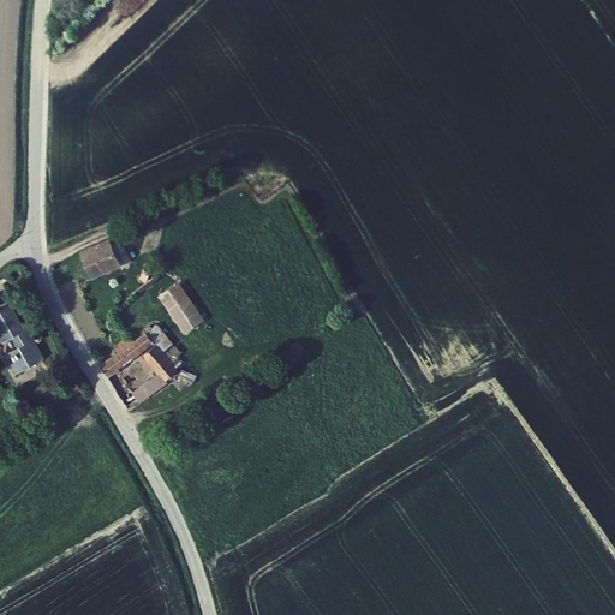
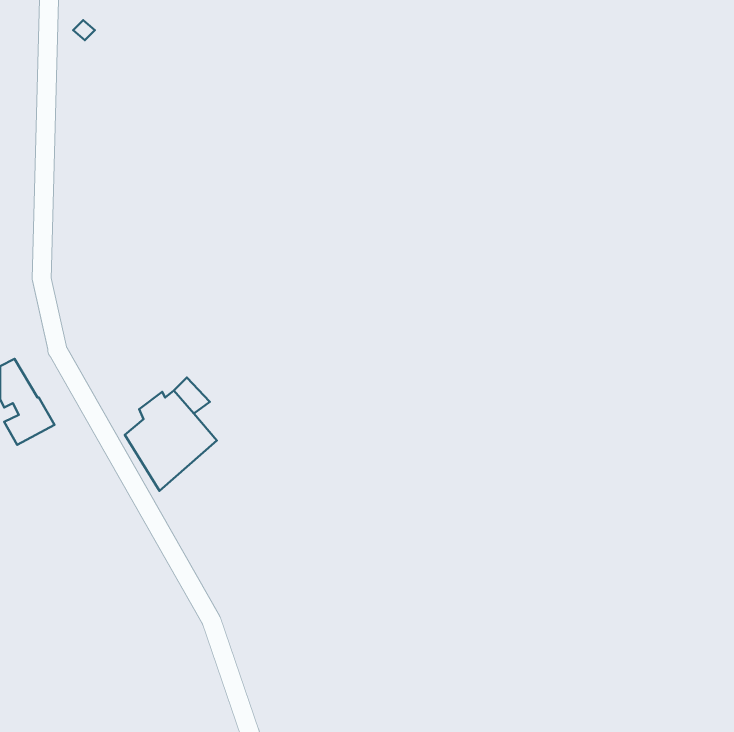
building: [82,243,120,279] -> none
building: [159,283,208,338] -> none

